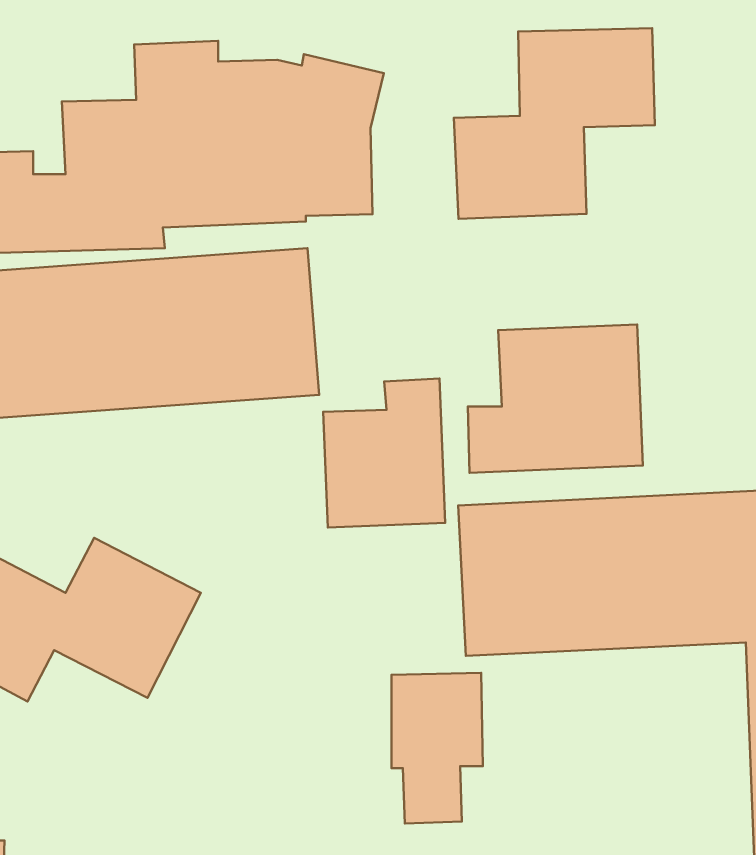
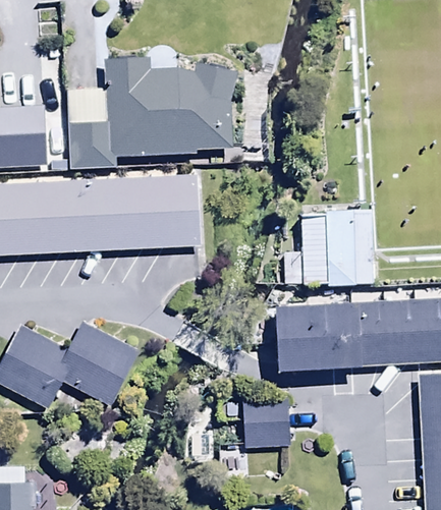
building: [454,28,655,219] -> none
building: [323,379,445,528] -> none

